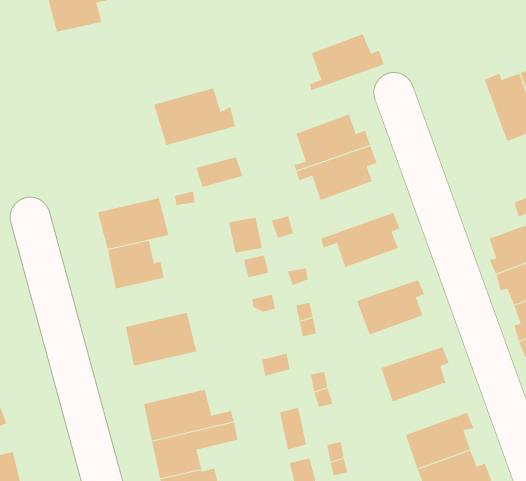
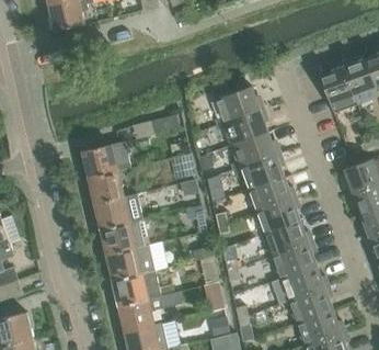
building: [309,34,385,91] -> [230,131,280,169]
building: none -> [319,63,356,112]
building: [154,88,235,146] -> none
building: none -> [248,176,297,211]
building: none -> [94,195,129,228]
building: none -> [264,221,313,256]
building: none -> [106,245,154,280]
building: none -> [273,266,330,303]

